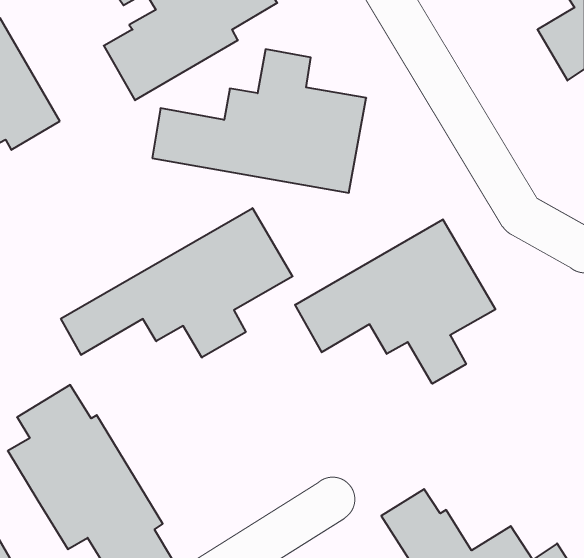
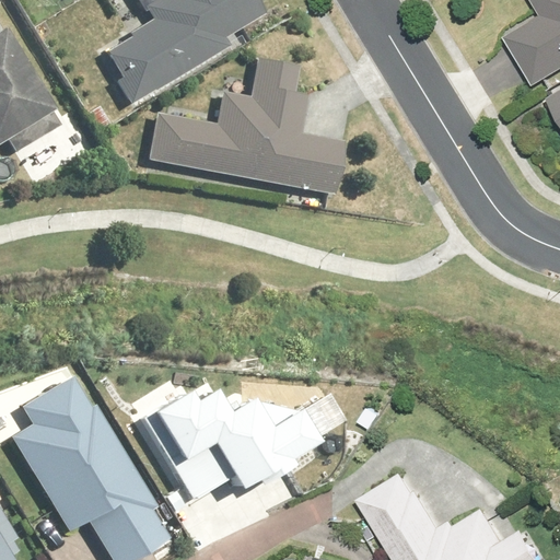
building: [61,208,293,358] -> none
building: [295,219,495,384] -> none
building: none -> [149,387,320,498]

